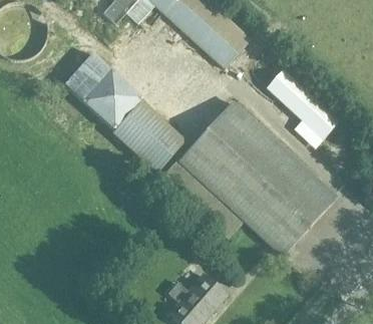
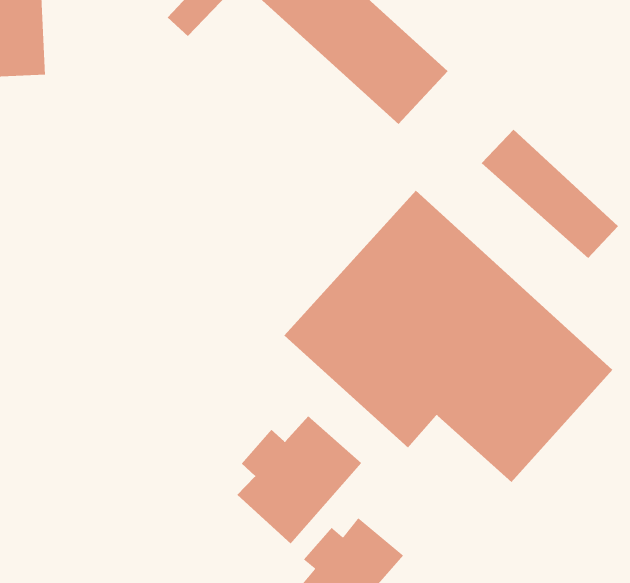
building: [65,52,185,172] -> none
building: none -> [236,416,362,544]

